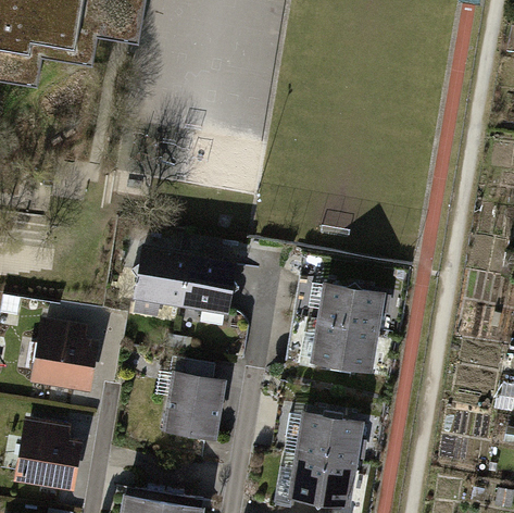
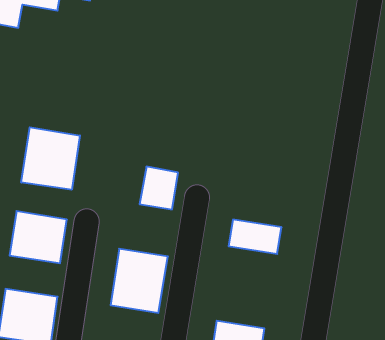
building: none -> [21,127,80,190]
building: [151,251,201,306] -> none
building: [311,289,378,336] -> none
building: [290,421,356,464] -> none

